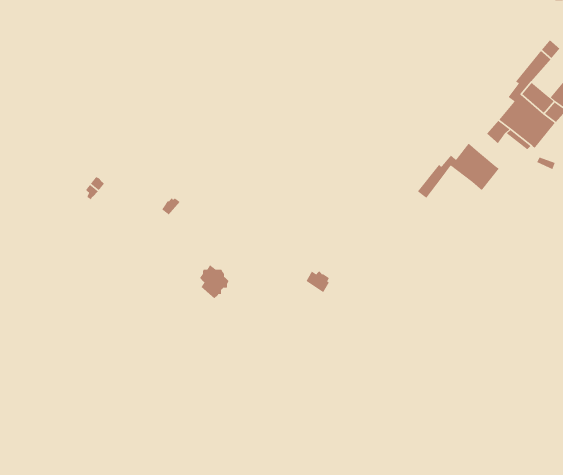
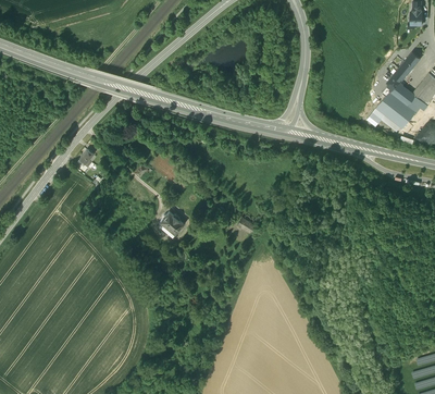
building: [417,143,500,199] -> none

